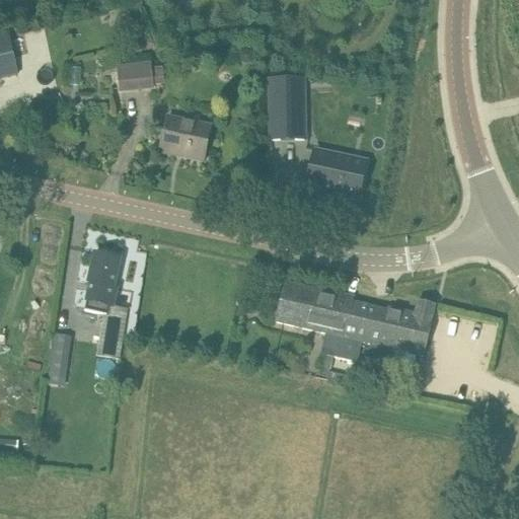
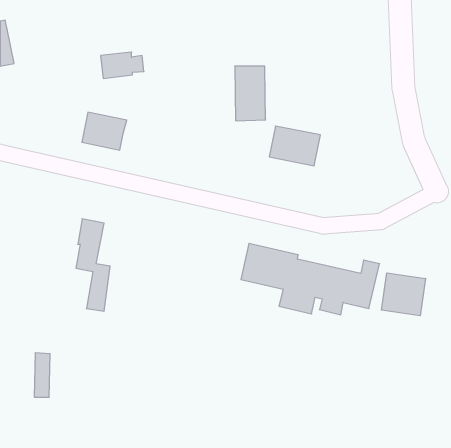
building: [160,116,212,159] -> [82,112,127,150]
building: none -> [381,273,426,316]
building: [48,331,66,382] -> [34,353,50,397]

